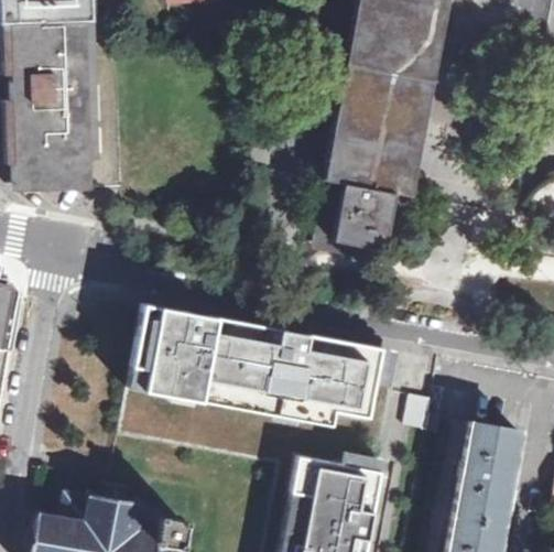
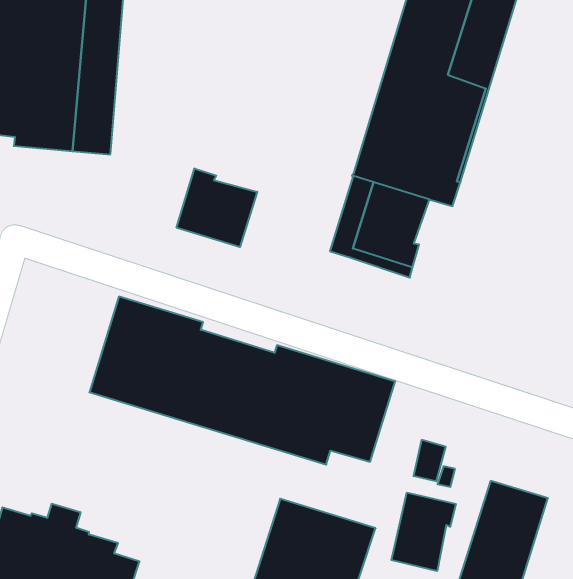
building: none -> [177,168,257,247]
building: none -> [391,493,456,571]

